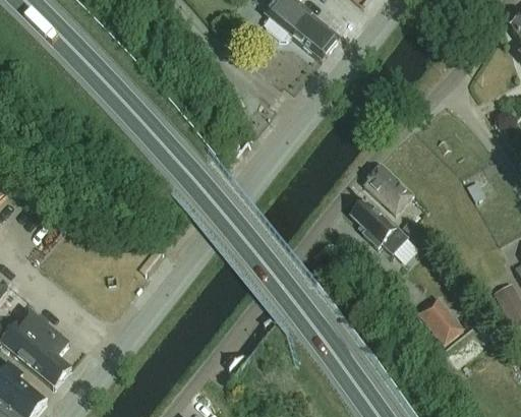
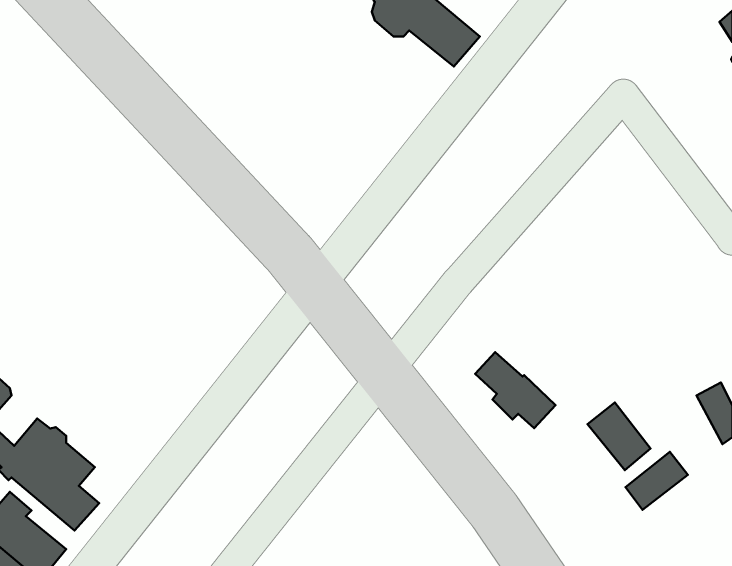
building: [362,162,412,212] -> none
building: [349,197,406,251] -> [475,352,556,428]
building: none -> [626,452,688,510]

